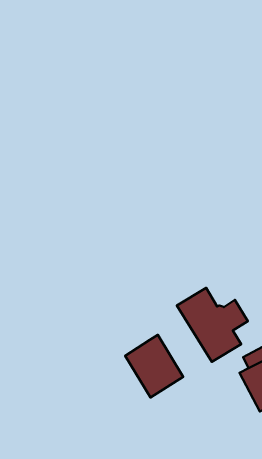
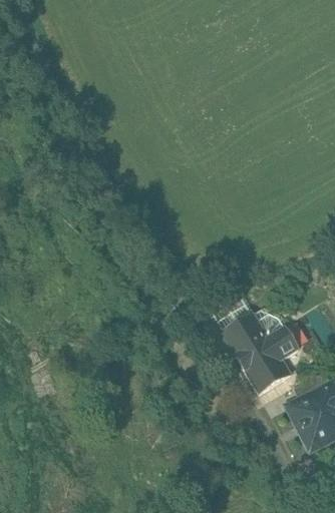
building: [125,335,183,398] -> none

